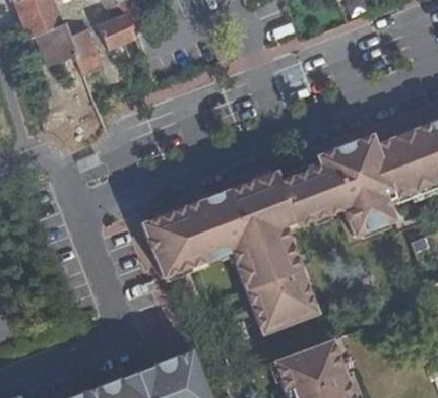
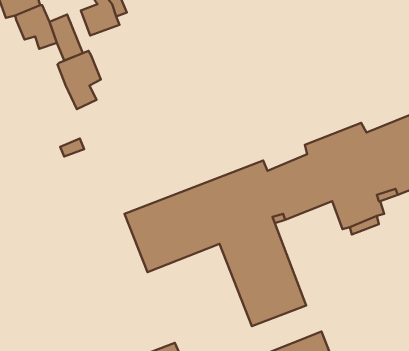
building: none -> [57,51,101,109]

